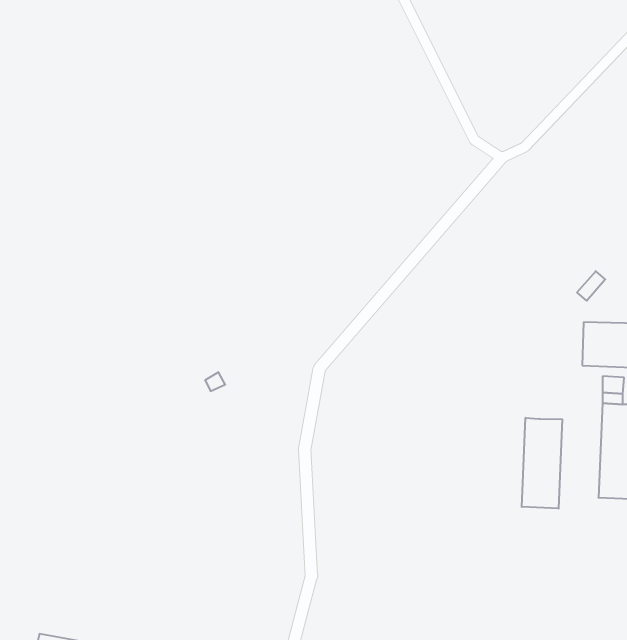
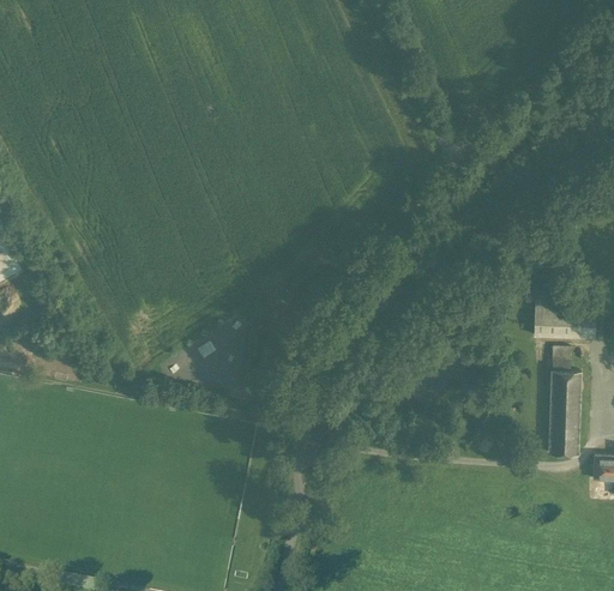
building: [522,418,562,509] -> none

